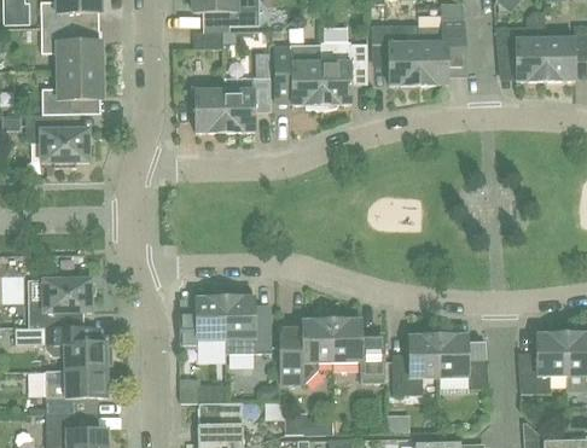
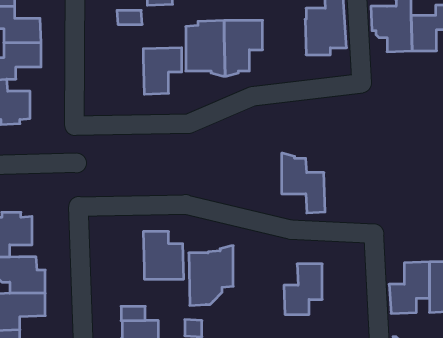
building: [371,24,418,85] -> none
building: [193,88,225,132] -> none
building: [194,296,225,348] -> none
building: [331,313,383,384] -> [282,153,325,213]
building: [437,334,488,394] -> none

